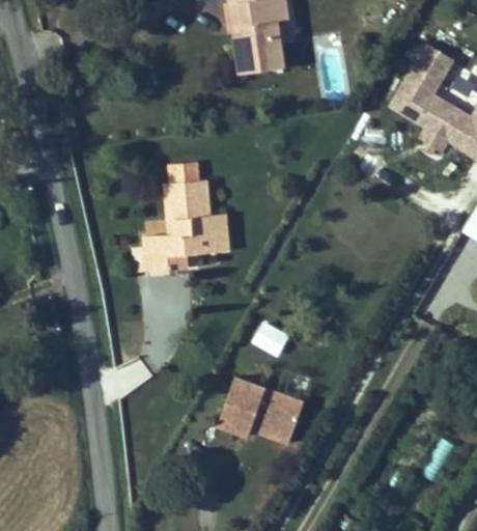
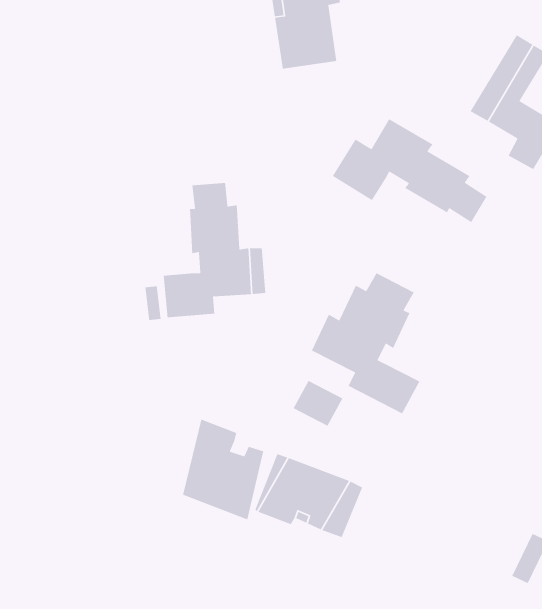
building: none -> [332,118,488,223]
building: none -> [311,272,420,415]
building: none -> [182,419,264,521]

